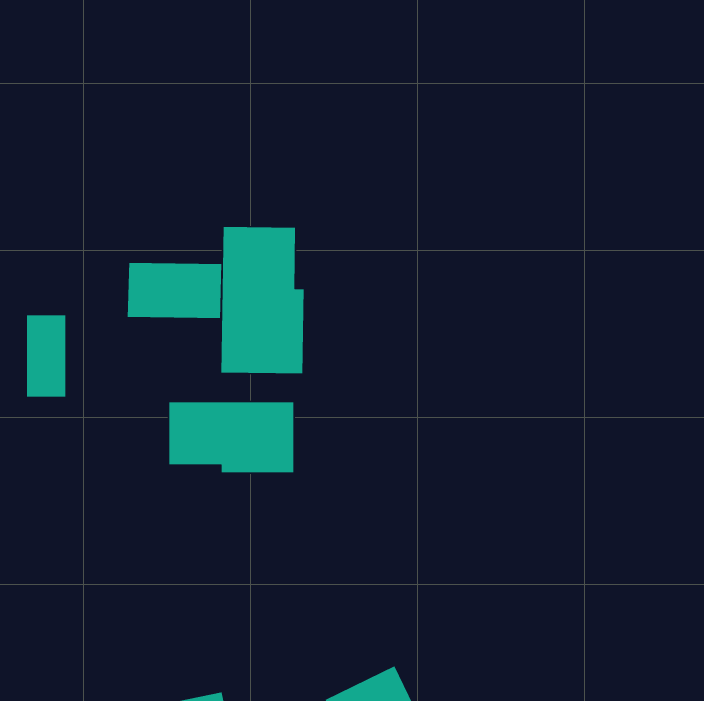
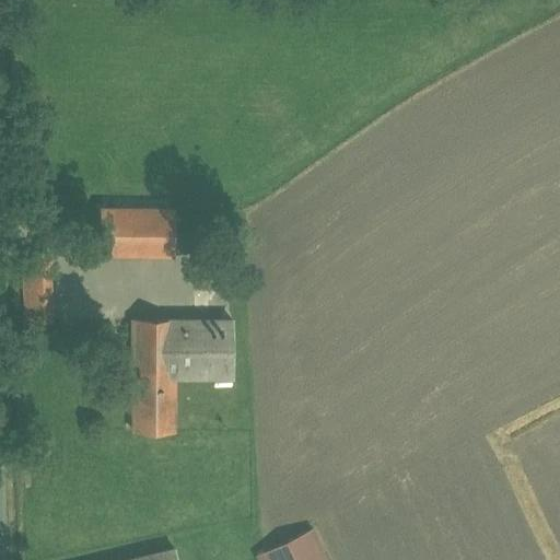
building: [221,226,305,374] -> none
building: none -> [135,372,175,433]

